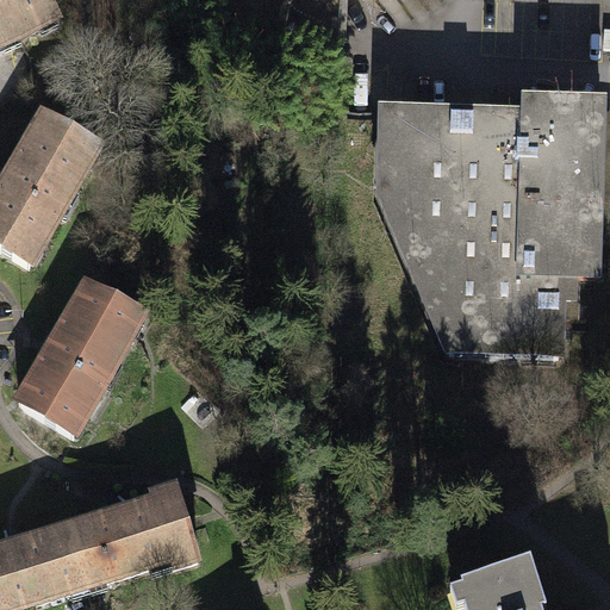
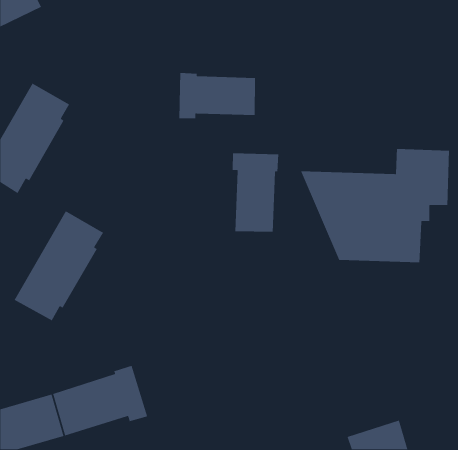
building: [381,89,599,230] -> none
building: none -> [178,72,256,119]
building: none -> [232,152,279,233]

